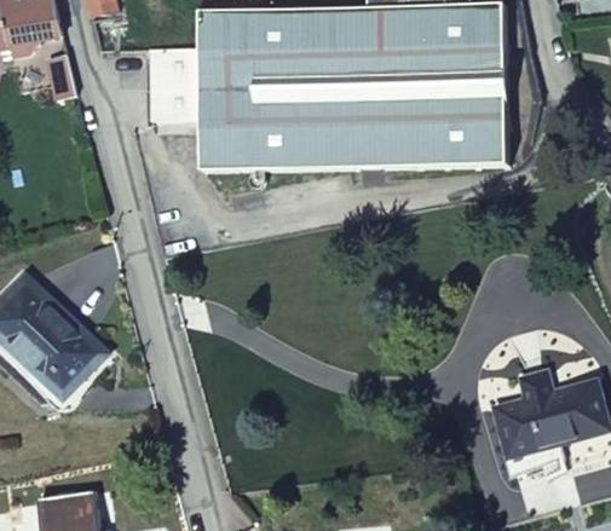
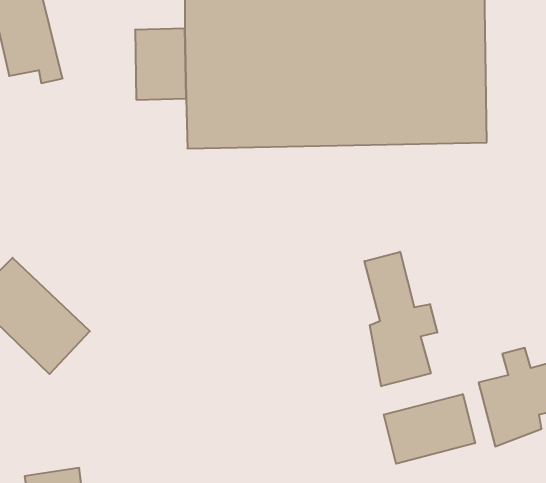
building: none -> [364,252,437,386]
building: none -> [384,394,475,464]

